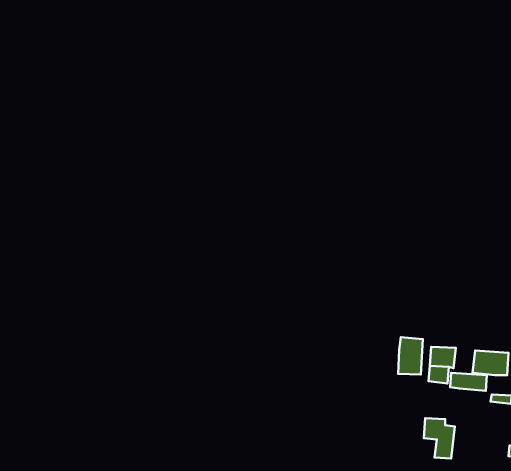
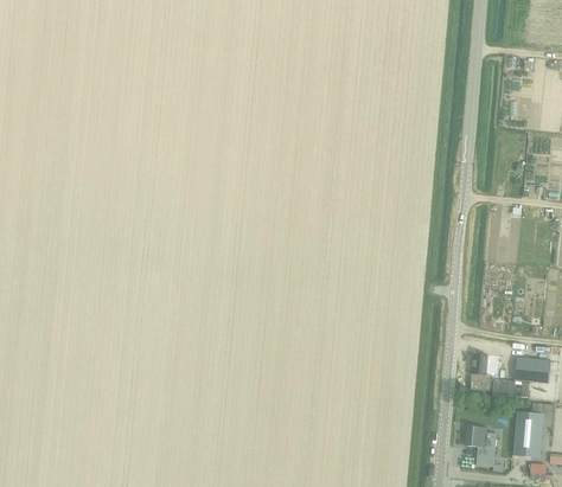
building: [398,337,423,375] -> none
building: none -> [512,409,539,456]

